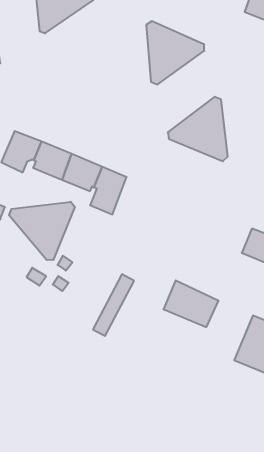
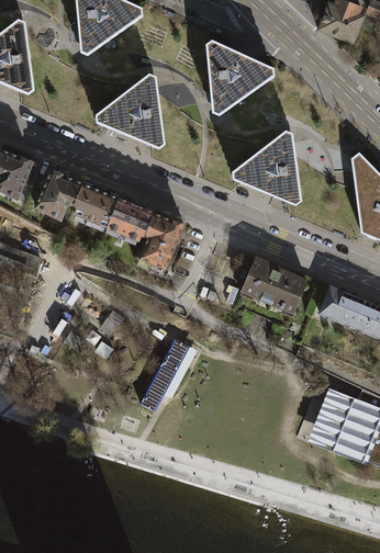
building: none -> [94,75,165,150]
building: [9,202,75,260] -> none
building: [163,280,219,327] -> [242,257,306,312]

